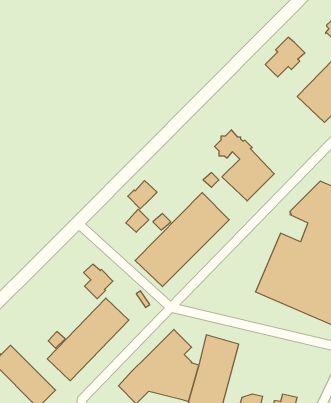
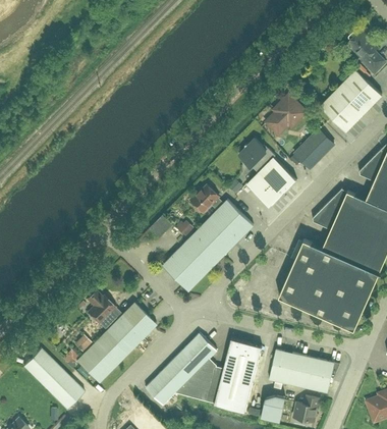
building: [265,37,305,77] -> [266,96,305,135]
building: none -> [294,129,334,169]
building: [128,181,157,209] -> [190,185,219,213]
building: [84,264,113,299] -> [87,291,115,325]
building: none -> [269,350,340,392]

